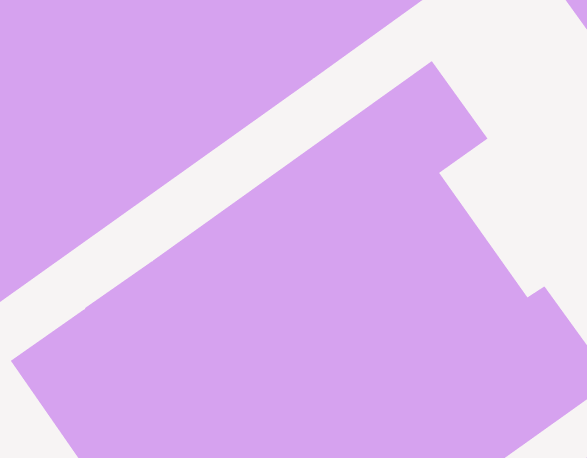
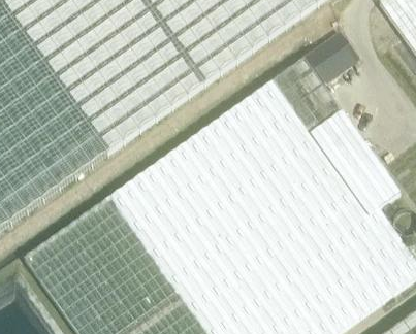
building: none -> [306,35,359,87]
building: none -> [308,112,398,216]

